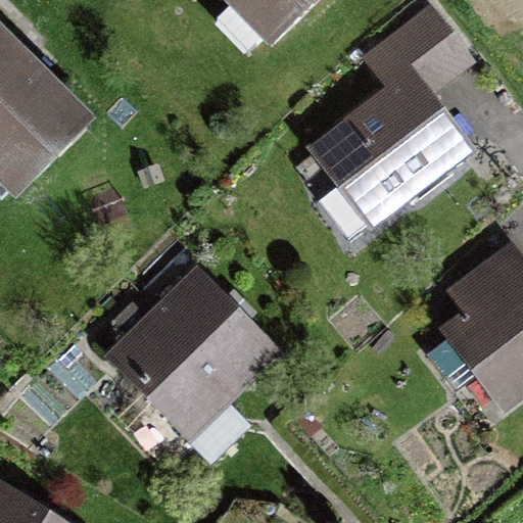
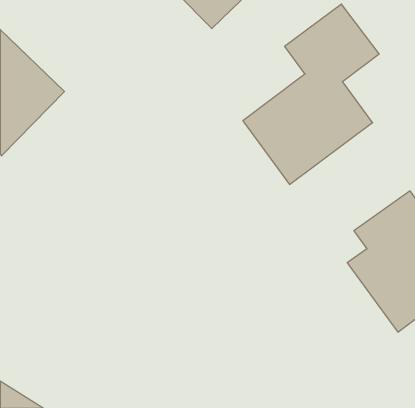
building: [103,264,286,446] -> none

